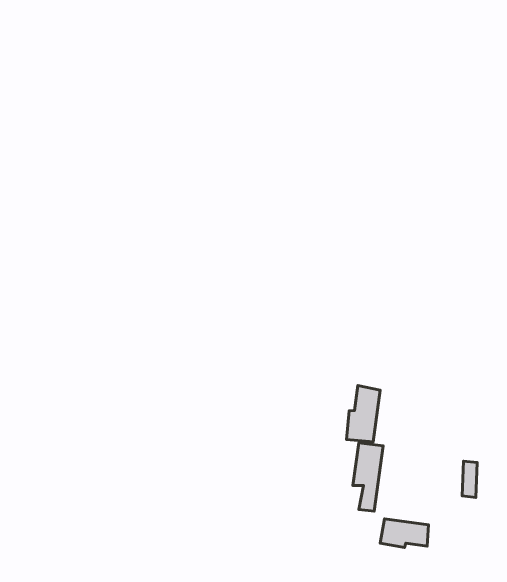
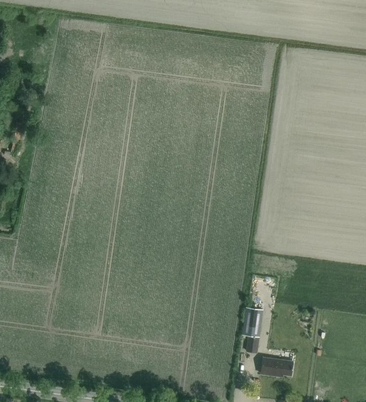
building: [347,385,380,442] -> none

